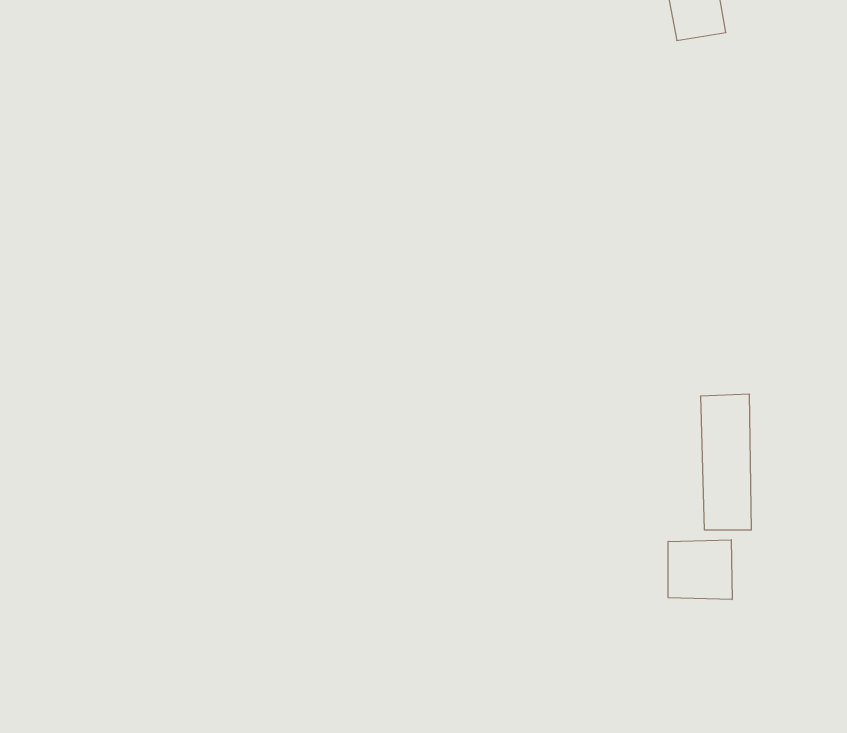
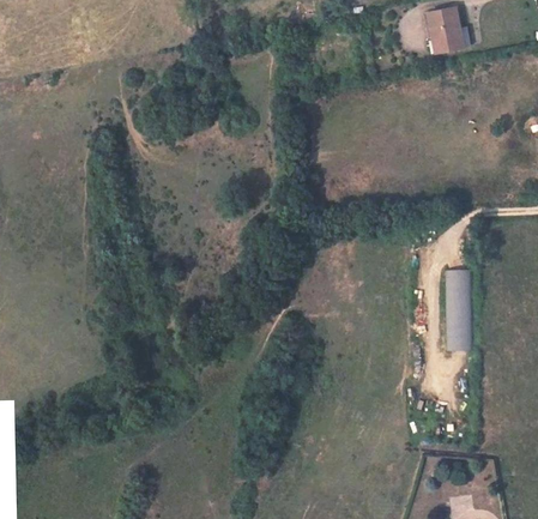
building: [668,540,732,600] -> none

